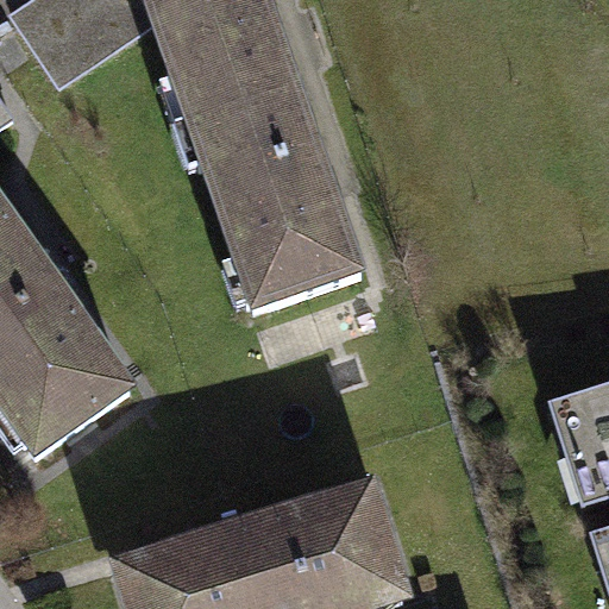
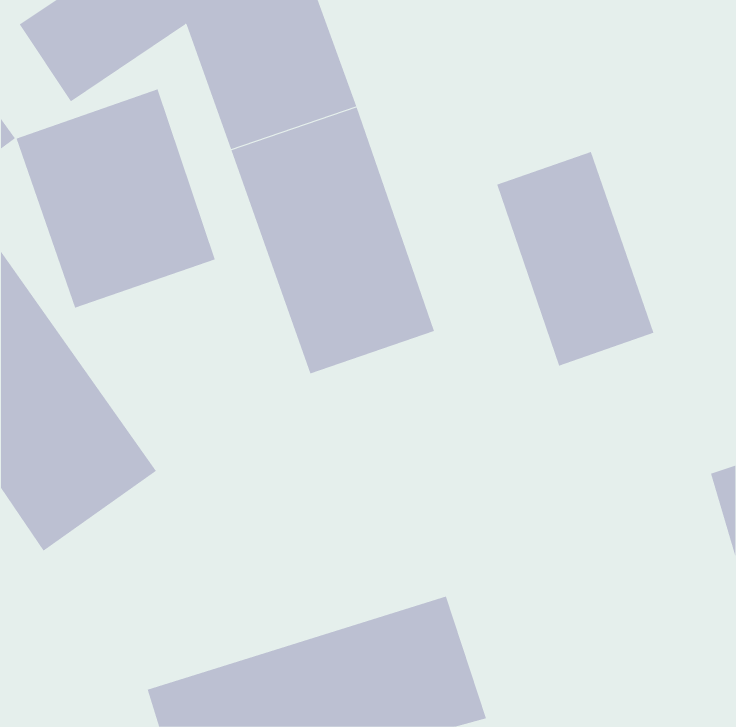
building: none -> [16,89,216,309]
building: none -> [497,151,654,367]

